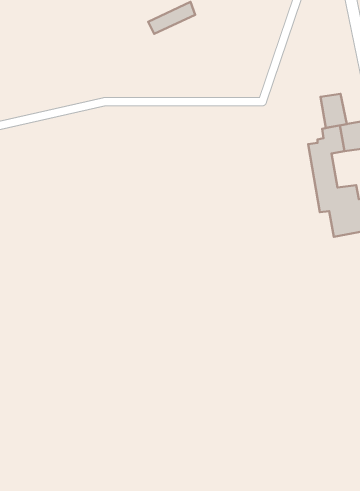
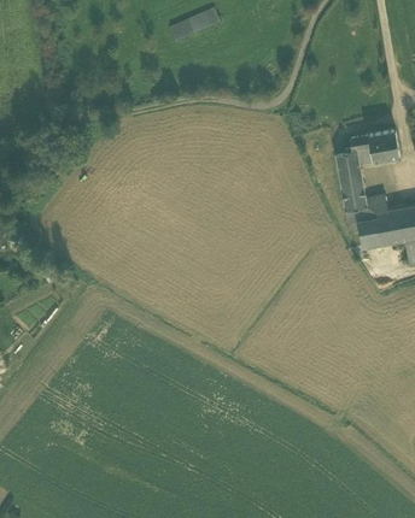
building: [320,94,347,128] -> none

